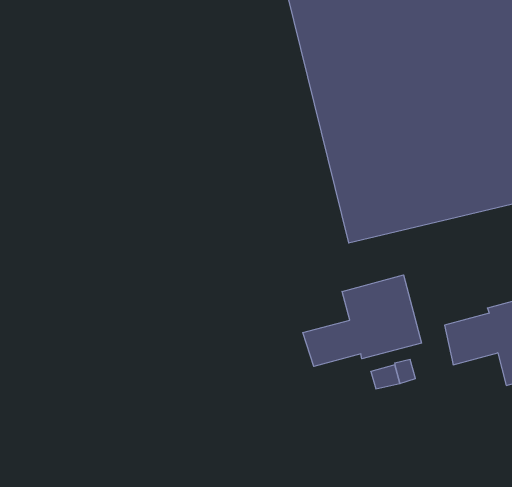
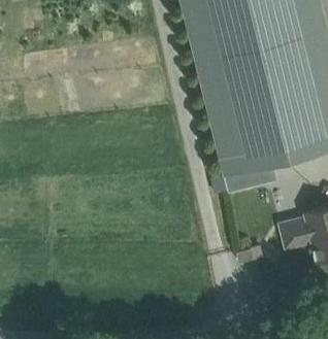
building: [303,275,422,366] -> none

